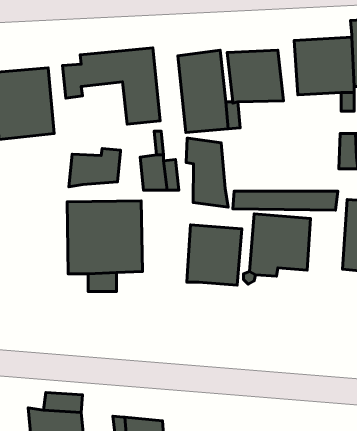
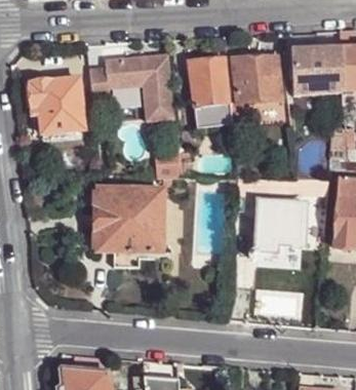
building: [186,138,228,207] -> none
building: [69,149,121,187] -> none
building: [187,225,242,285] -> none

